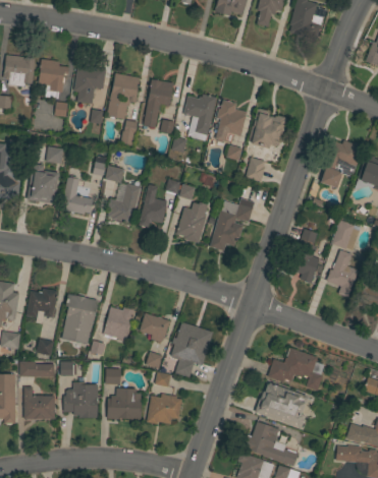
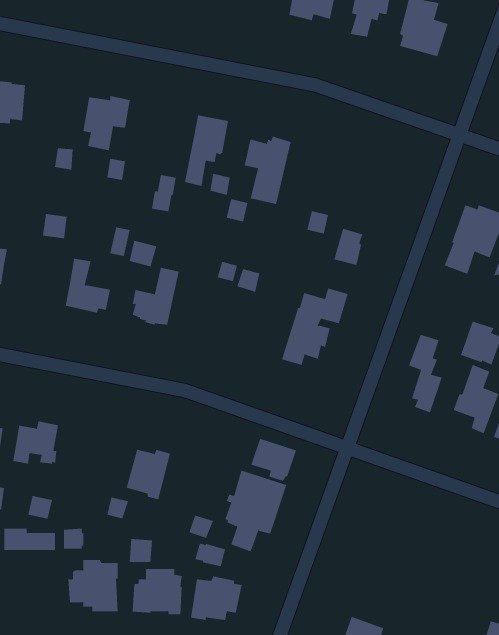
building: [38,59,68,99] -> none
building: [106,73,140,119] -> none
building: [216,100,247,142] -> none
building: [248,108,286,148] -> none
building: [26,164,58,203] -> none
building: [138,184,166,228] -> none
building: [176,201,208,243] -> none
building: [61,294,98,344] -> none
building: [139,312,170,342] -> [251,438,297,481]
building: [268,348,324,391] -> none
building: [255,382,308,428] -> none
building: [24,386,55,419] -> none

